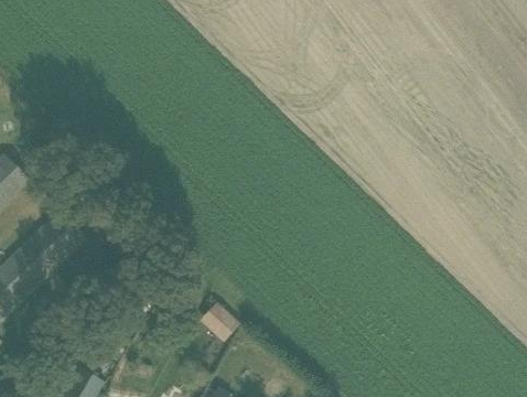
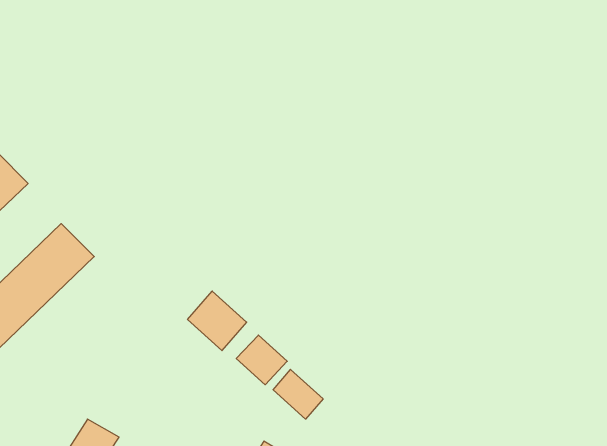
building: none -> [188,291,247,351]
building: none -> [273,369,323,419]

